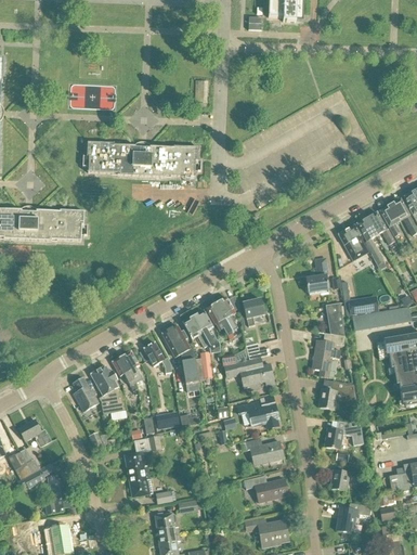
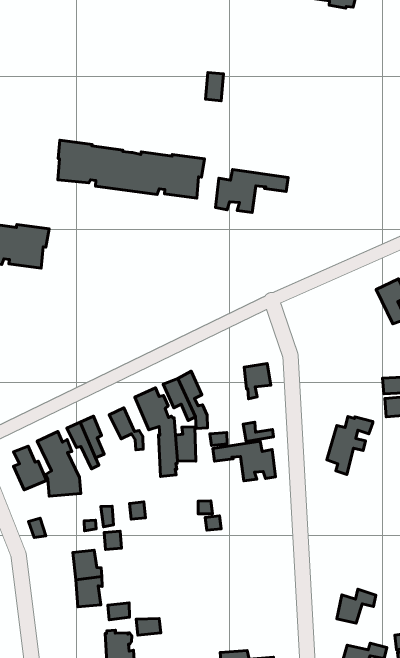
building: none -> [215,169,288,212]
building: [305,257,328,293] -> none
building: [206,297,236,338] -> none
building: [325,302,344,335] -> none
building: [318,380,356,409] -> none
building: [237,400,278,428] -> none
building: [324,421,363,449] -> none
building: [246,438,284,465] -> none
building: [244,475,288,502] -> none

